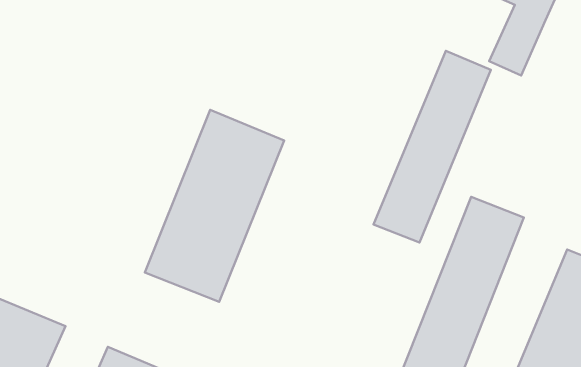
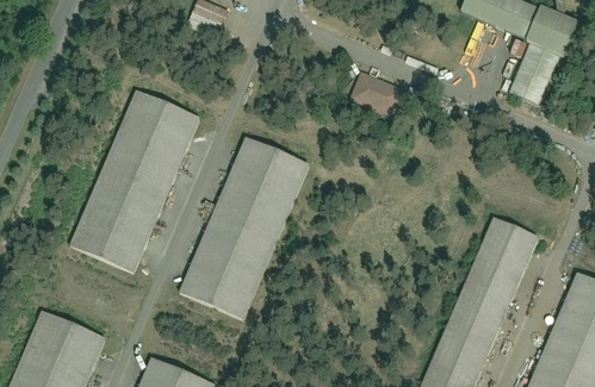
building: none -> [349,71,404,119]
building: [373,51,491,243] -> none
building: none -> [68,87,204,273]

